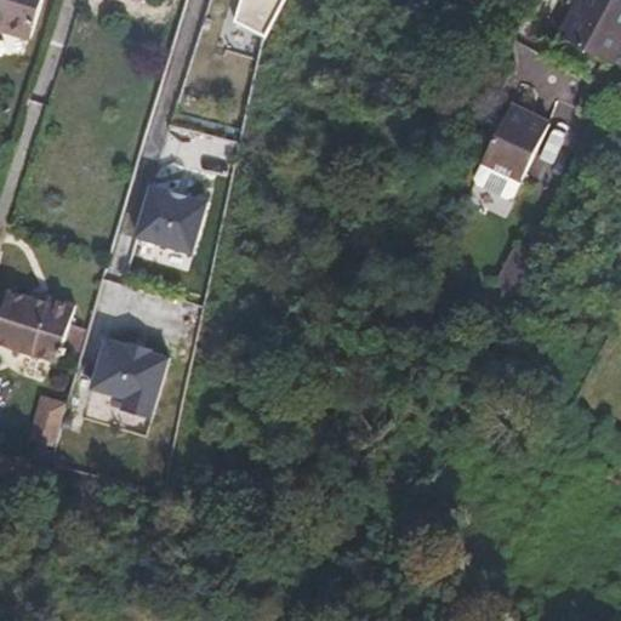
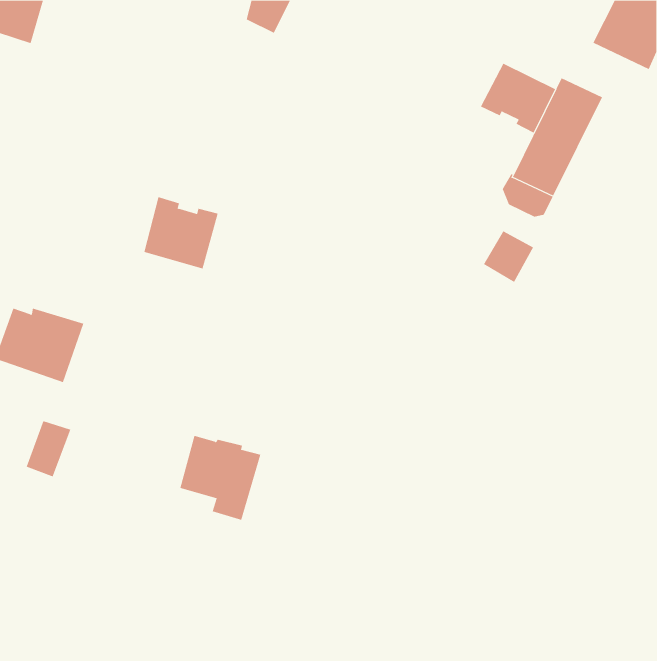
building: none -> [480,63,556,133]
building: none -> [483,230,534,283]
building: [91,338,167,418] -> [180,435,261,521]

